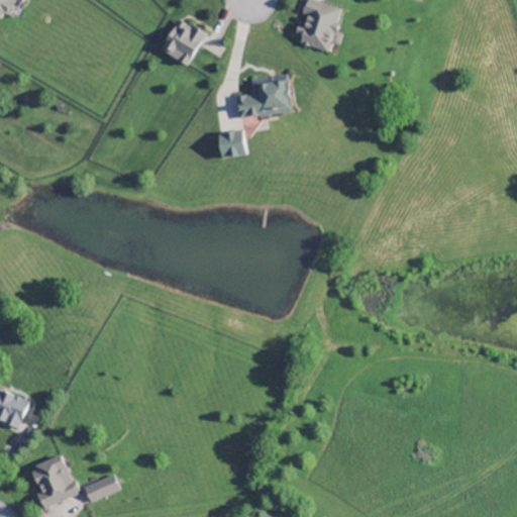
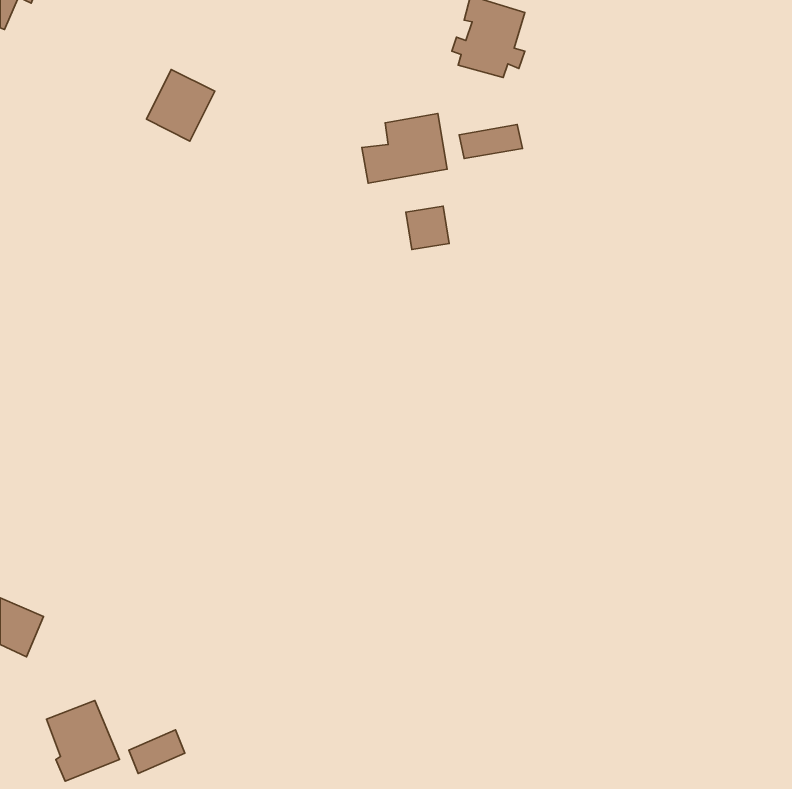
building: [161,18,205,65] -> [146,70,215,141]
building: none -> [459,125,522,159]
building: [217,129,245,158] -> [406,206,449,250]

